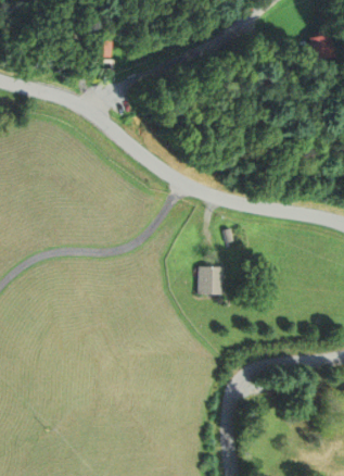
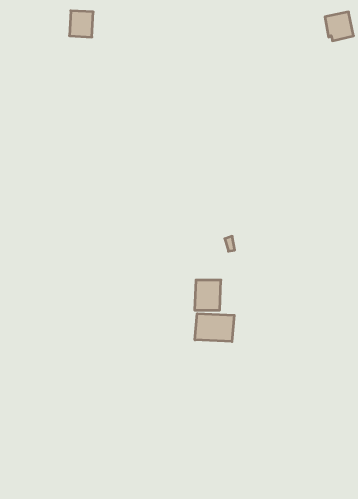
building: none -> [195,314,234,342]

